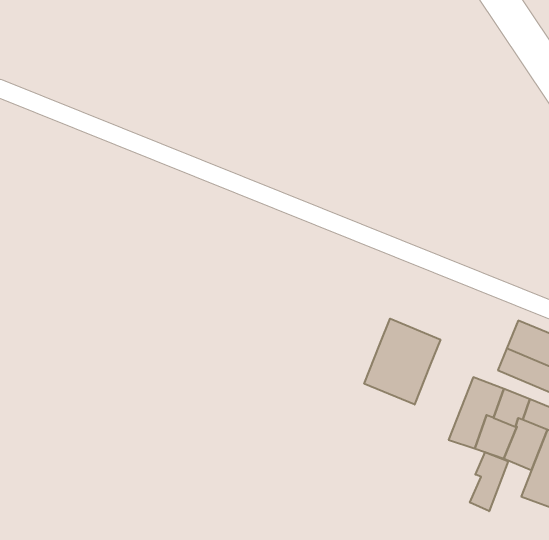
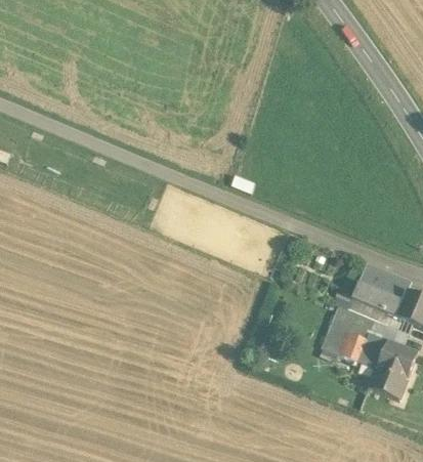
building: [364,319,440,405] -> none
building: [470,452,508,511] -> none

